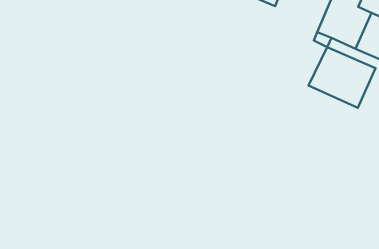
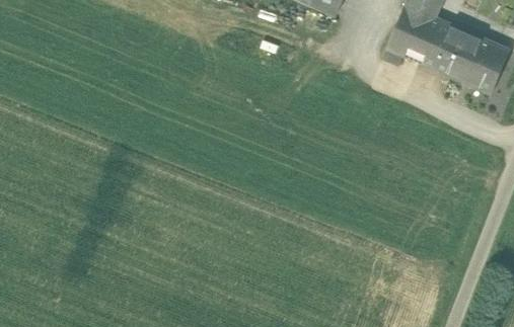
building: [309,47,375,108] -> none

